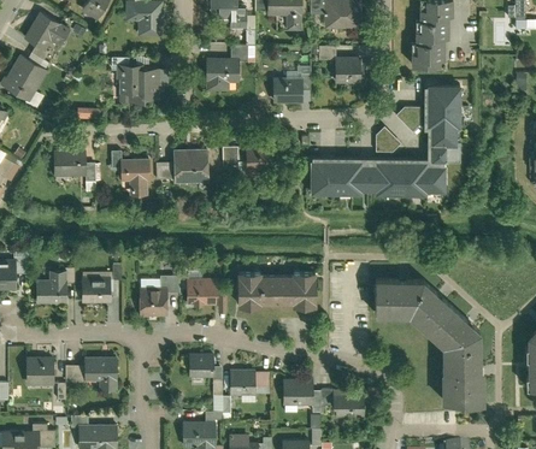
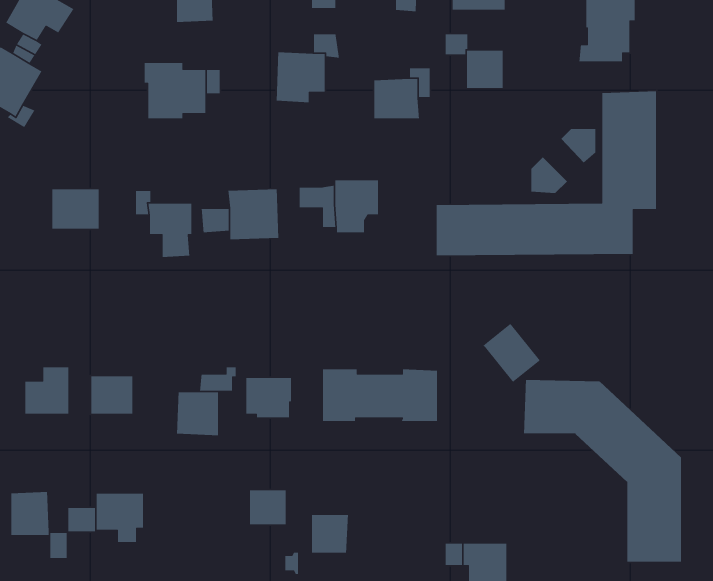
building: none -> [483,323,541,383]
building: [283,378,312,406] -> none

